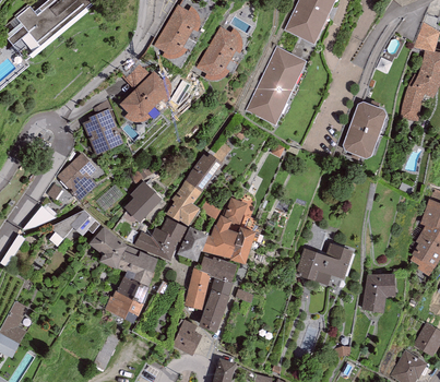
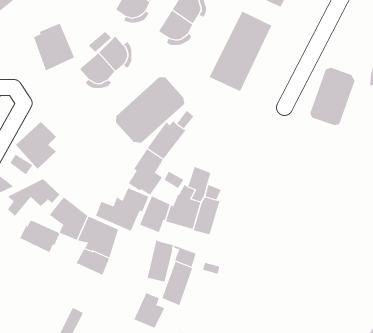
building: [83,109,123,156] -> [33,23,75,71]
building: none -> [115,76,185,143]
building: [124,181,163,223] -> none
building: [296,243,353,285] -> none
building: [199,256,237,282] -> none
building: [361,274,396,313] -> none
building: [104,290,143,323] -> [19,219,60,253]

